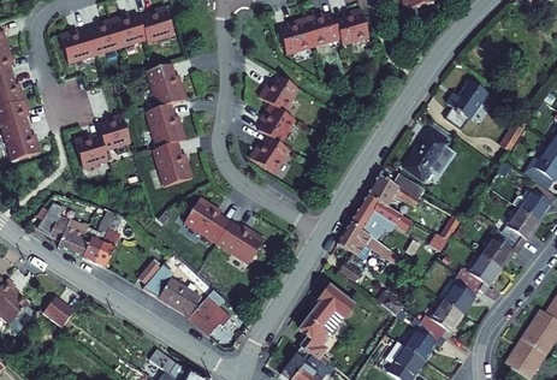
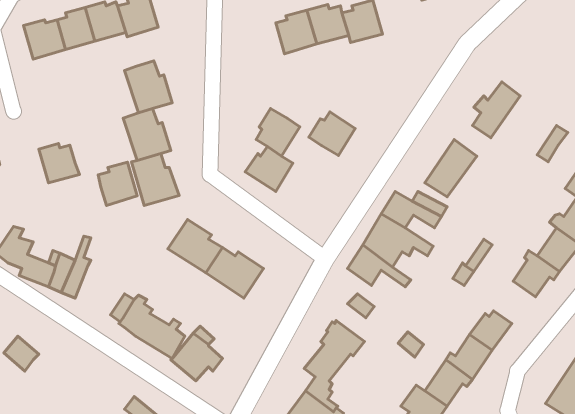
building: [261,75,301,112] -> [309,112,355,155]
building: [97,113,131,150] -> [98,162,137,206]
building: [460,251,499,289] -> none

